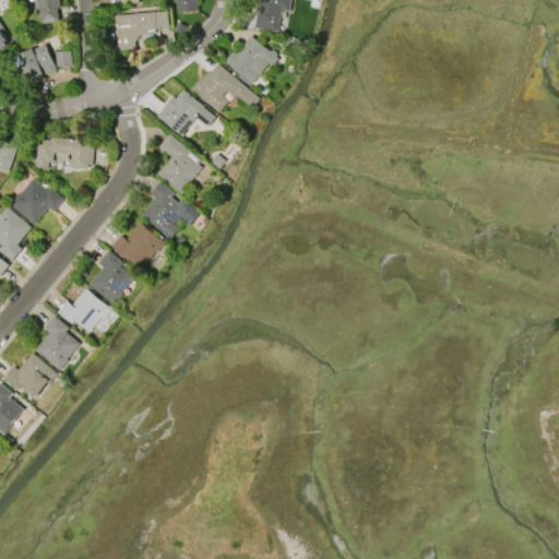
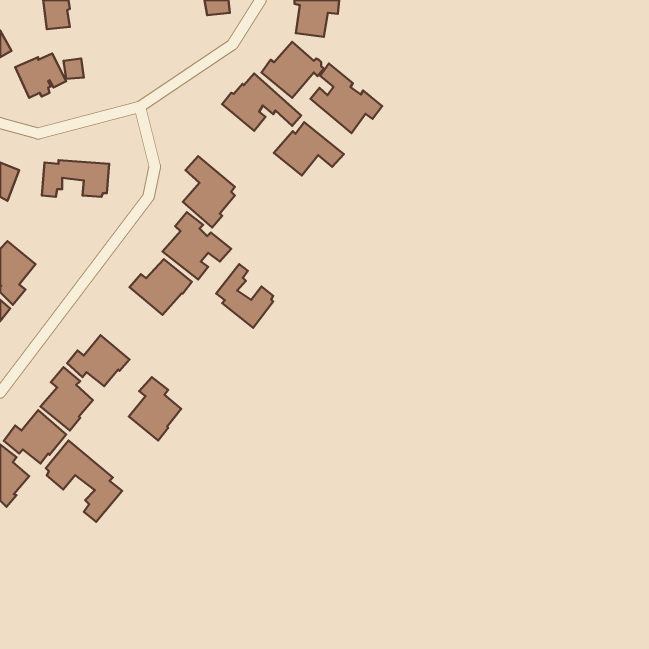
building: [115,12,168,51] -> none
building: none -> [310,64,382,133]
building: [157,90,217,135] -> [274,122,344,176]
building: [10,180,64,225] -> none
building: none -> [216,264,273,328]
building: [88,251,133,306] -> [129,377,181,441]
building: none -> [46,440,122,522]

